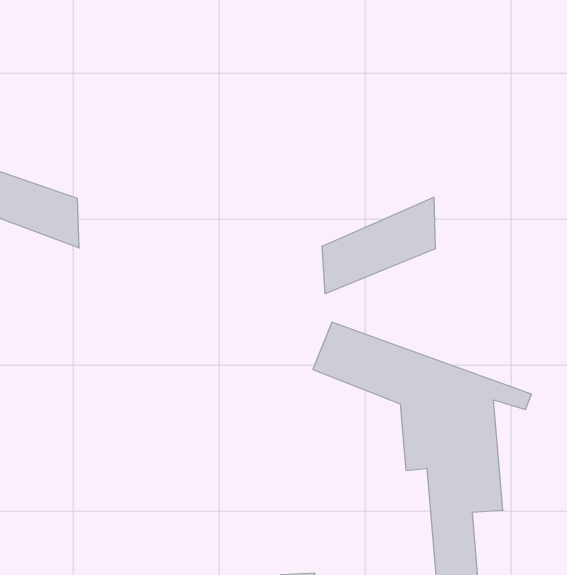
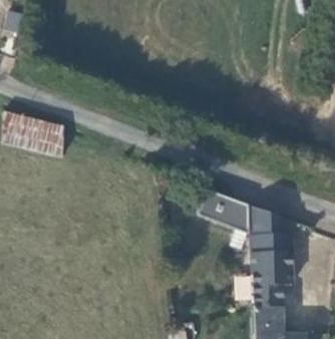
building: [322,197,435,294] -> none

